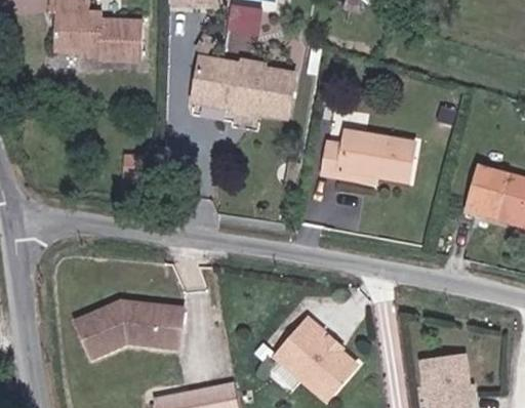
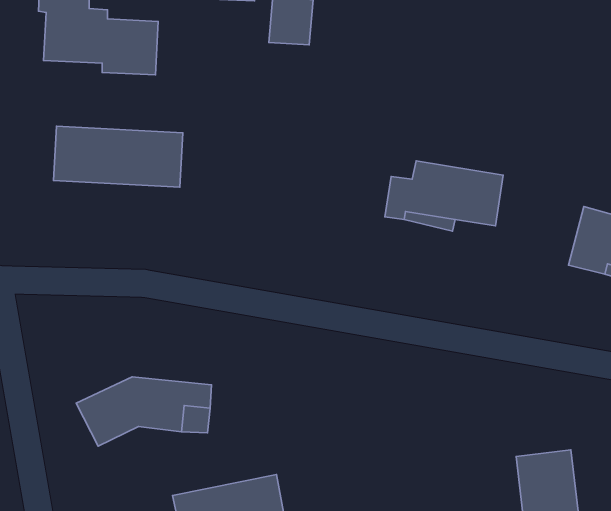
building: [192,56,294,118] -> none
building: none -> [53,126,183,187]
building: [278,316,357,397] -> none

